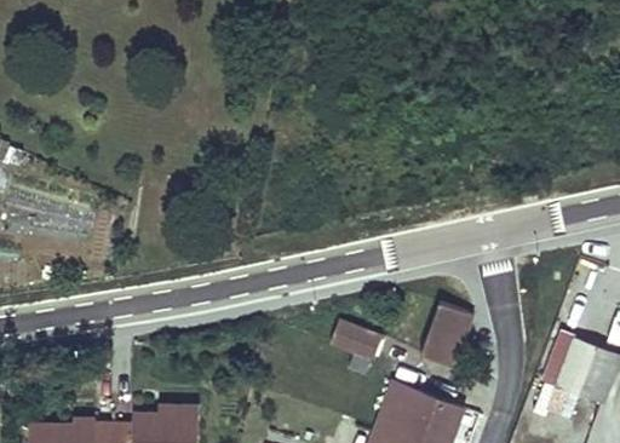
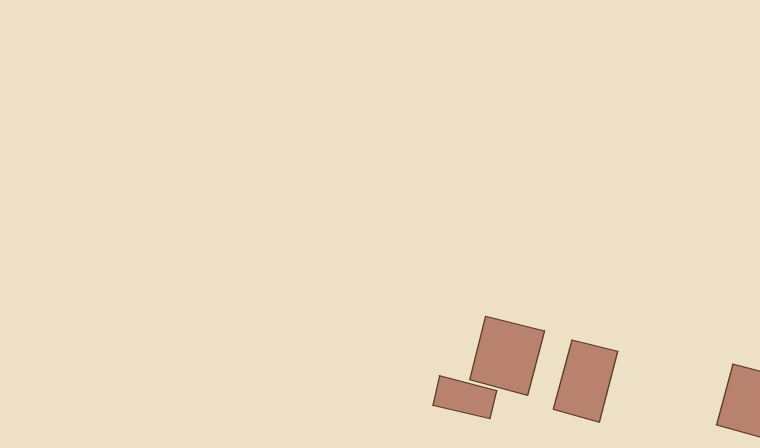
building: none -> [470,316,544,395]

